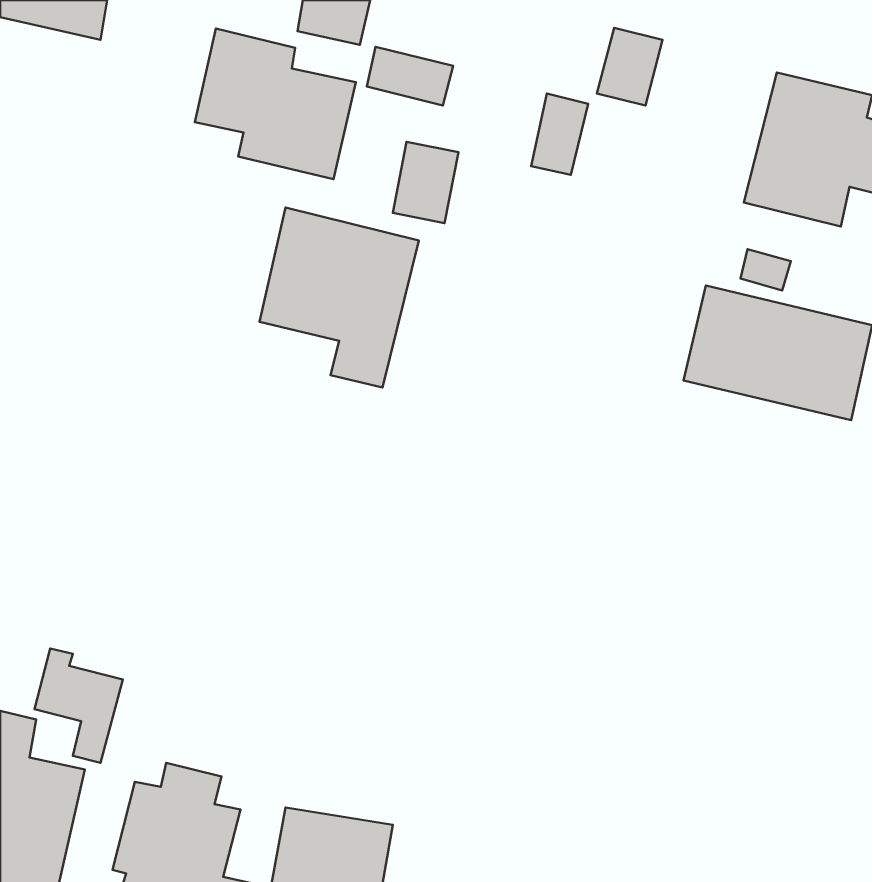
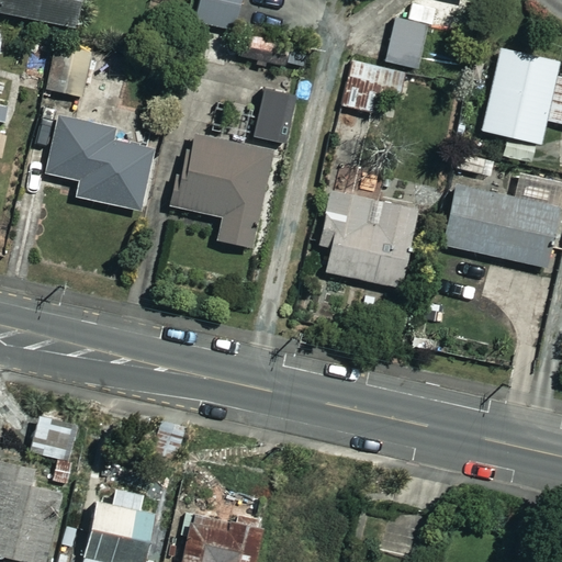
building: [195,29,356,179] -> [49,115,151,211]
building: none -> [48,45,93,97]
building: none -> [322,190,413,285]

